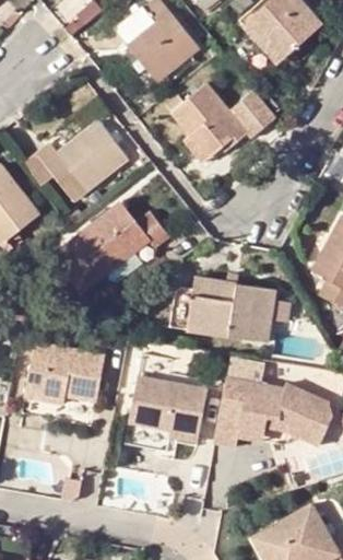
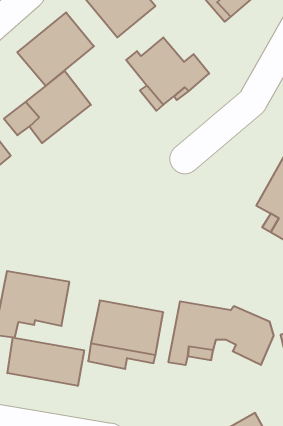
building: none -> [17,12,94,86]
building: [51,203,169,291] -> none
building: [169,277,289,340] -> none
building: none -> [7,337,84,386]

